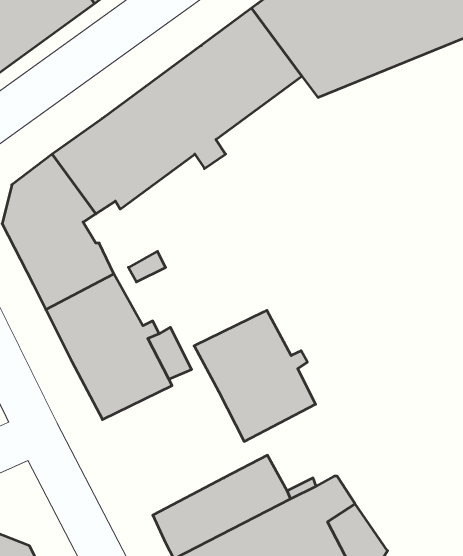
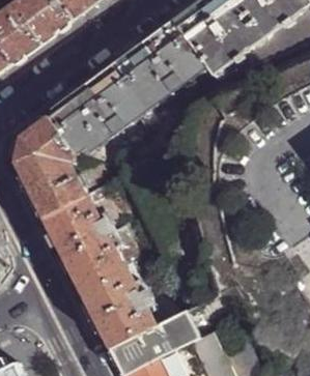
building: [194,310,316,441] -> [77,264,154,348]

